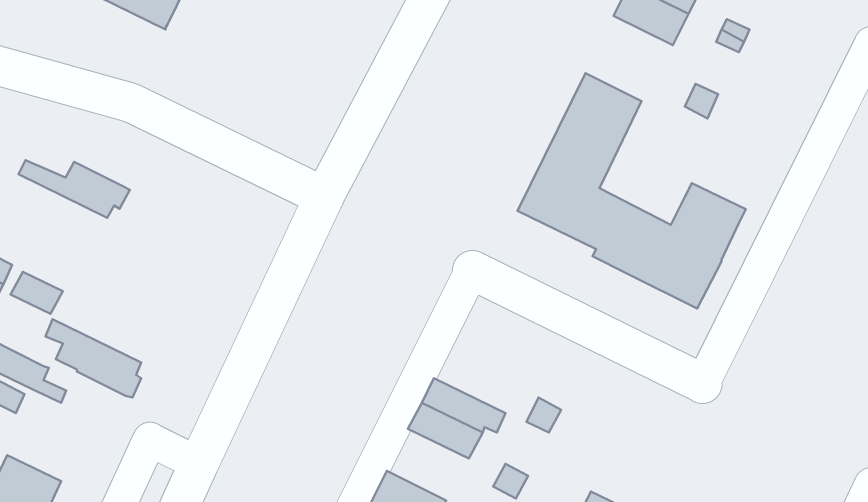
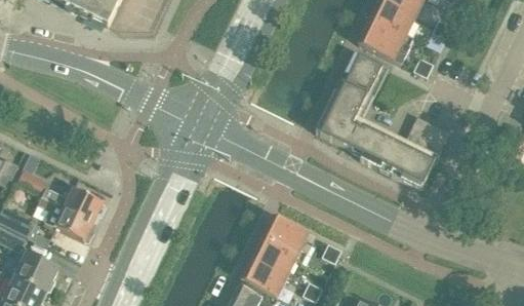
building: none -> [358,17,413,65]
building: [18,160,130,218] -> [41,188,107,222]
building: none -> [266,216,315,252]
building: none -> [14,252,58,292]
building: none -> [241,261,286,298]

